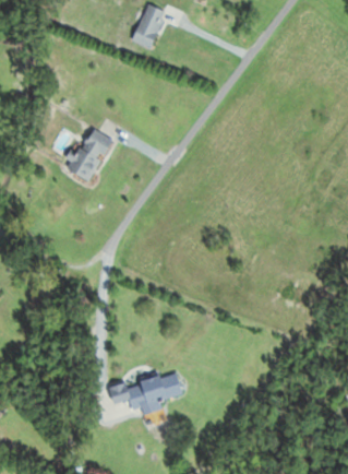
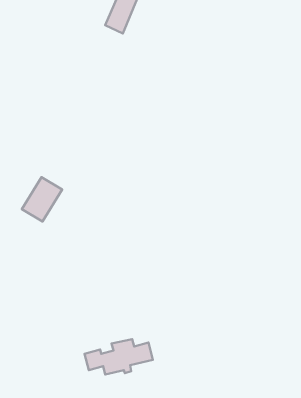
building: [68,134,110,181] -> [22,177,62,222]

